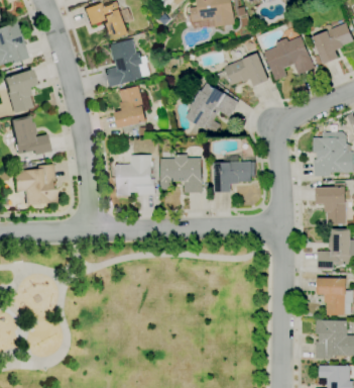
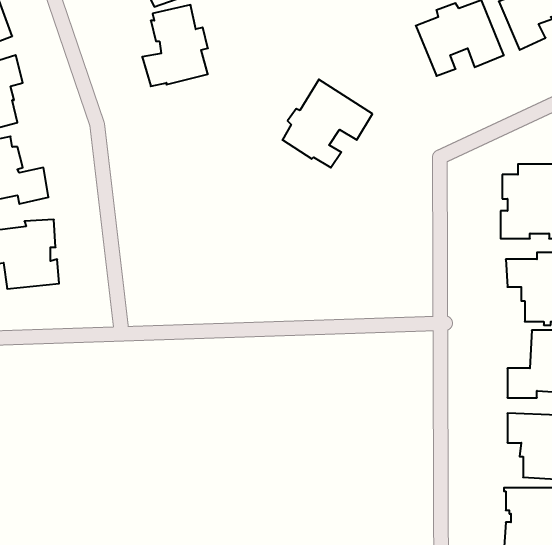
building: [225,53,271,86] -> none
building: [116,86,151,128] -> none
building: [118,155,157,196] -> none
building: [162,155,204,192] -> none
building: [216,157,257,192] -> none

